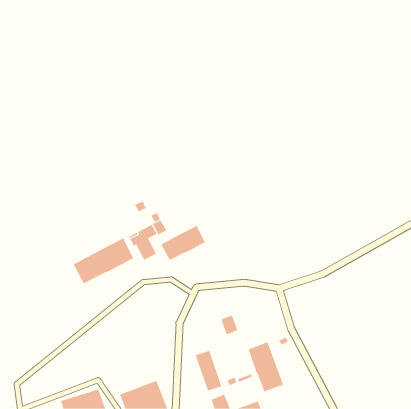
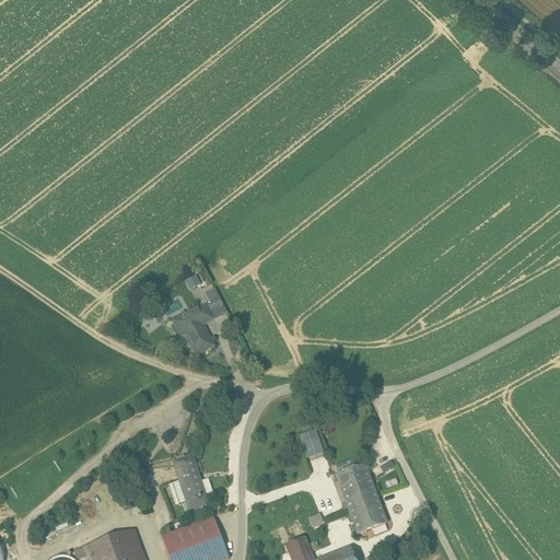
building: [160,225,205,261] -> none
building: [73,238,134,284] -> none
building: [195,350,222,391] -> [172,455,209,511]

